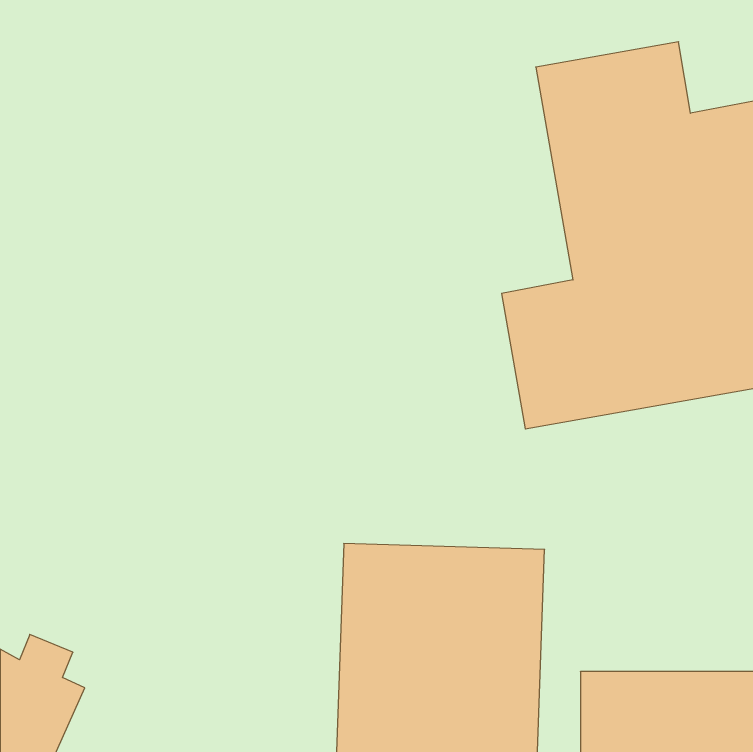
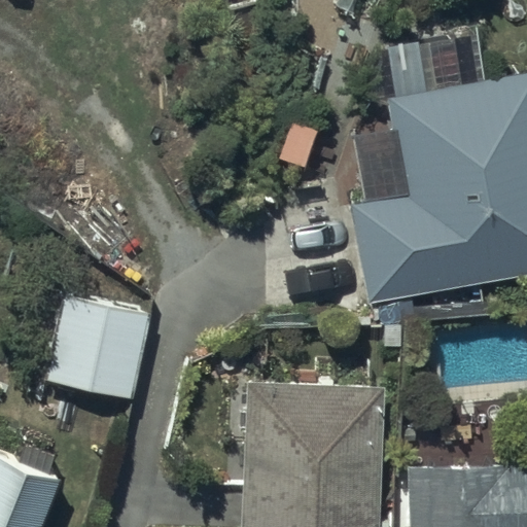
building: none -> [47,293,153,400]

